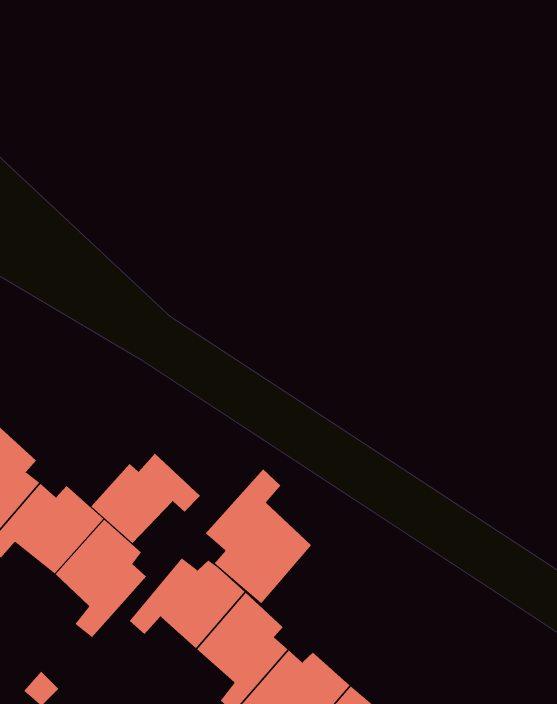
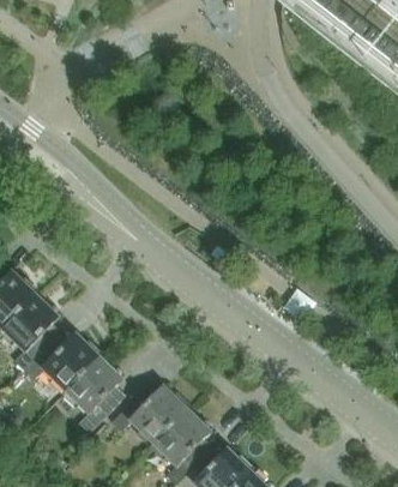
building: [91,453,201,544] -> none
building: [205,468,312,604] -> none

